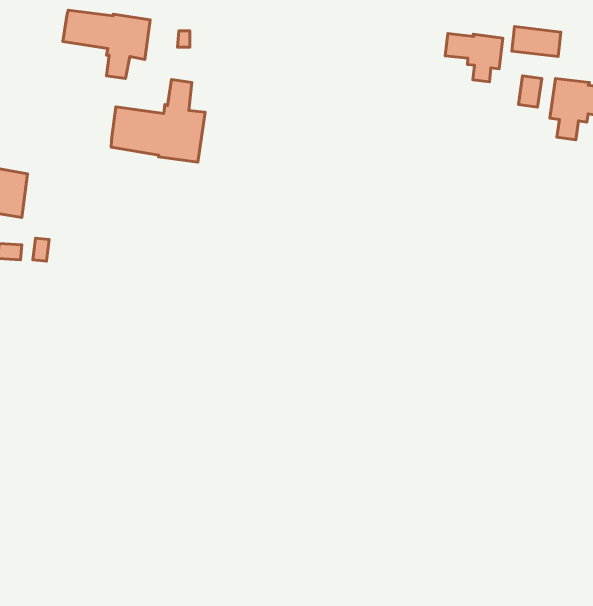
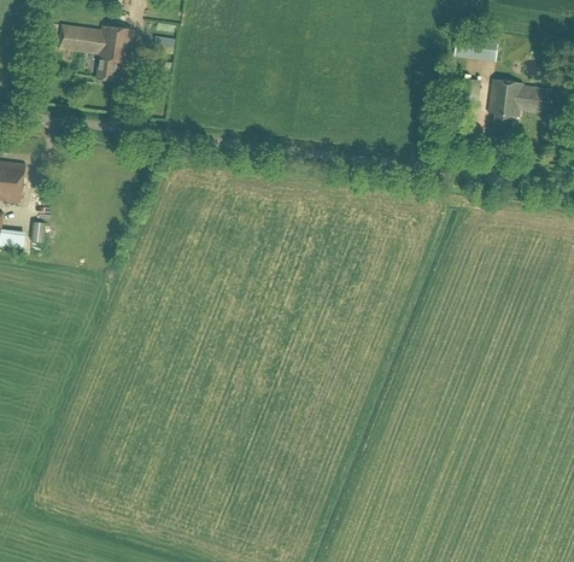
building: [445,34,503,82] -> none
building: [111,80,205,162] -> none

